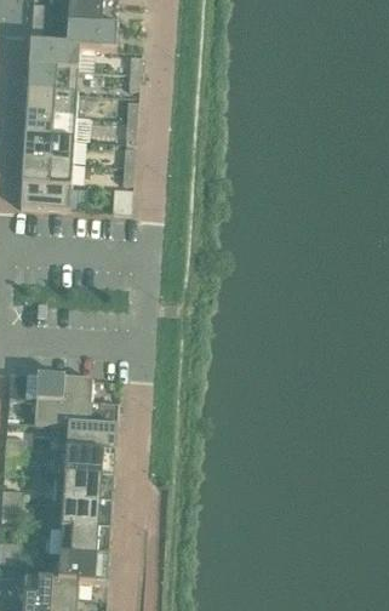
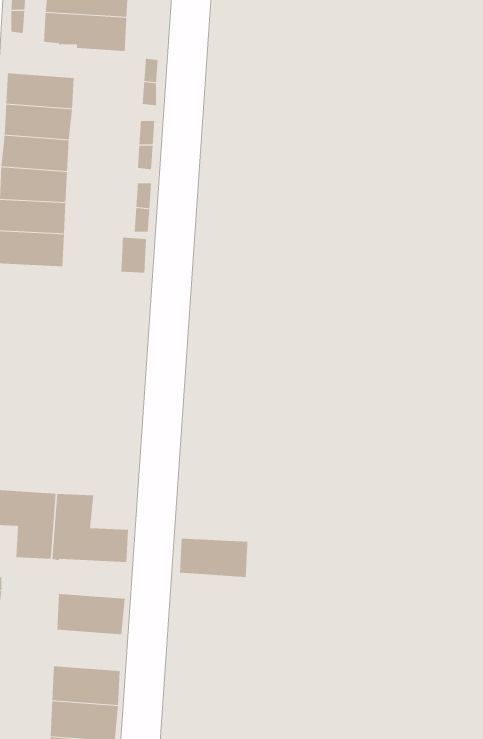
building: [28,39,79,68] -> none
building: [65,423,116,452] -> [179,538,248,578]
building: [62,475,113,506] -> none

